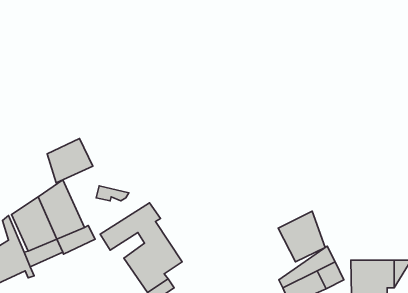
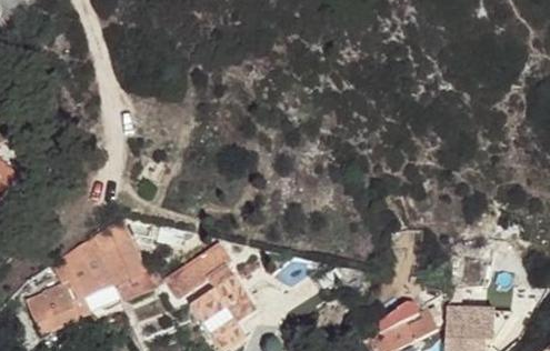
building: [47,138,93,183] -> none
building: [278,211,325,262] -> none

